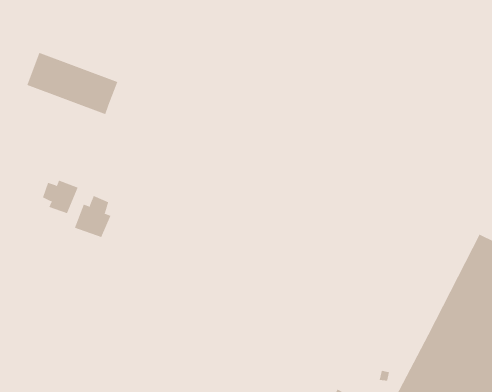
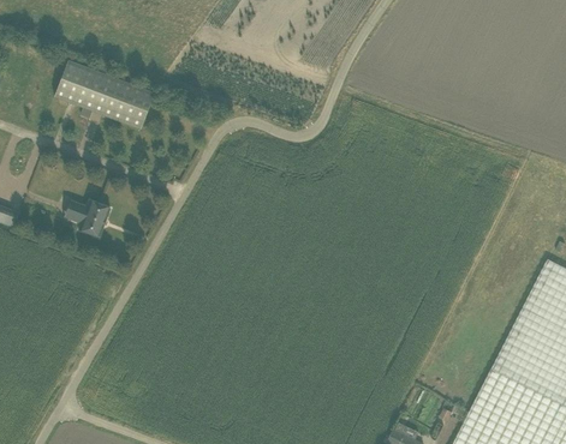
building: [74,195,111,238] -> none

